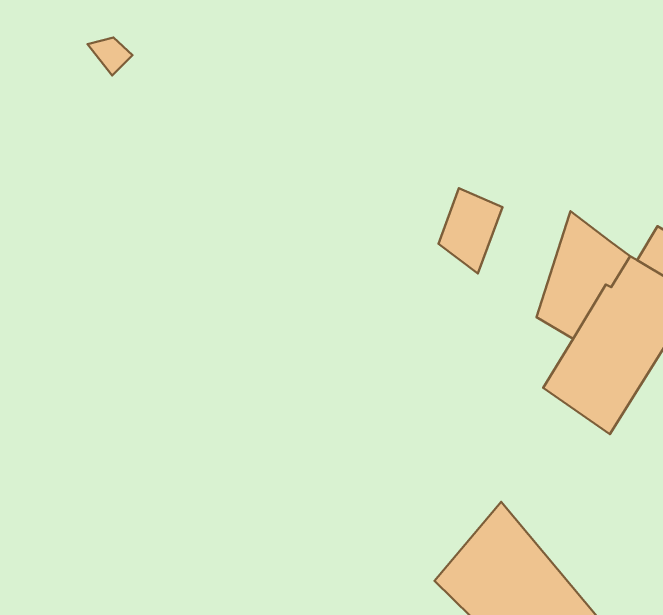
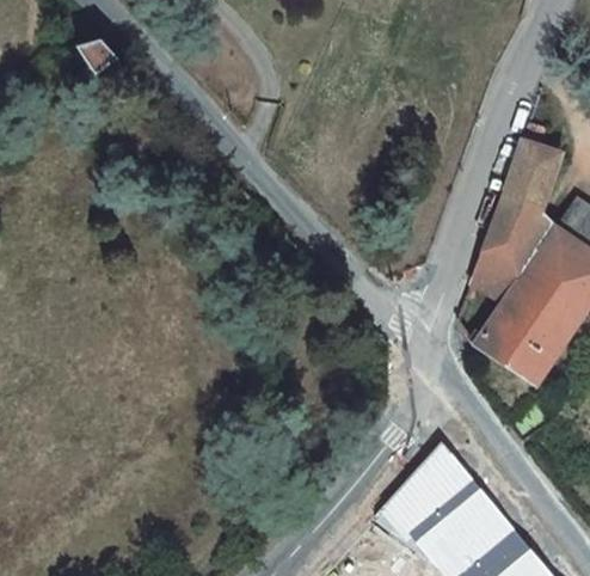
building: [439,188,502,274] -> [503,140,559,215]

